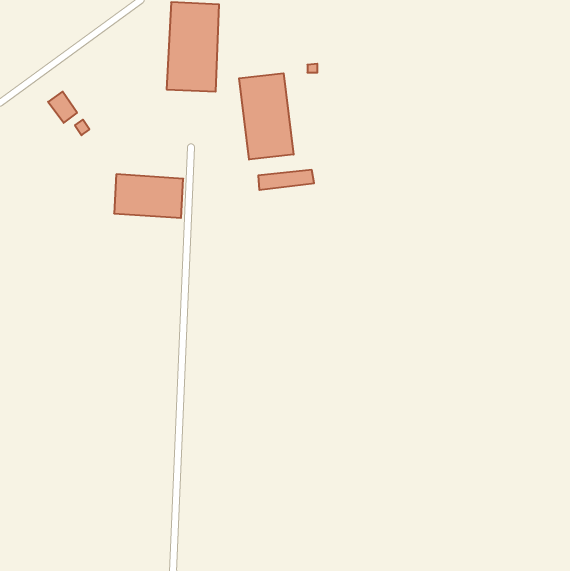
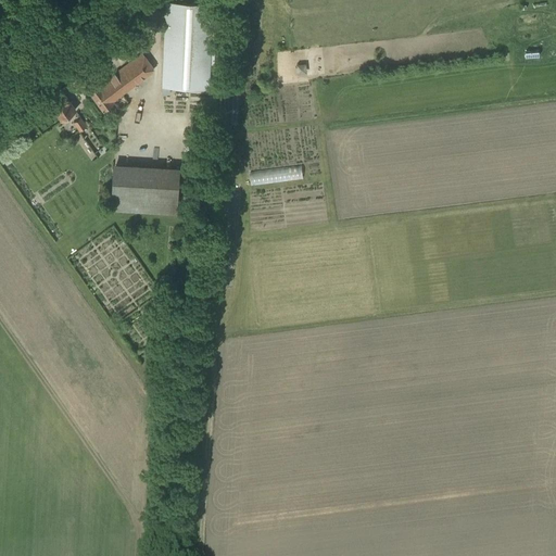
building: none -> [91,53,154,110]
building: [239,73,294,160] -> none

